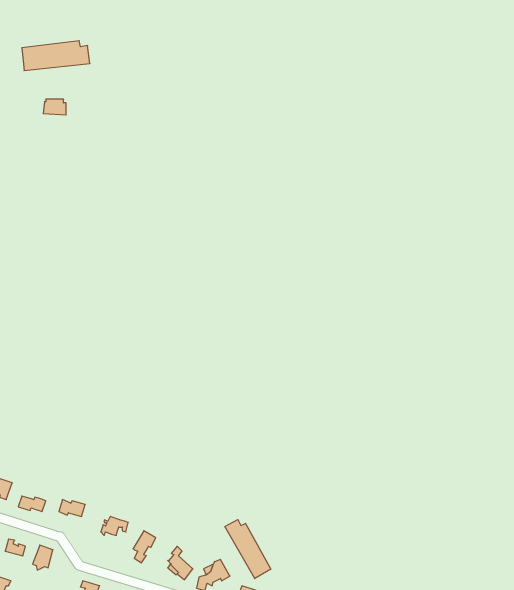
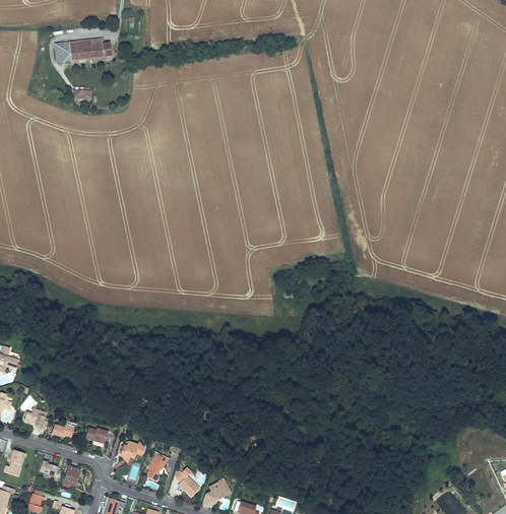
building: [225,520,271,579] -> none

